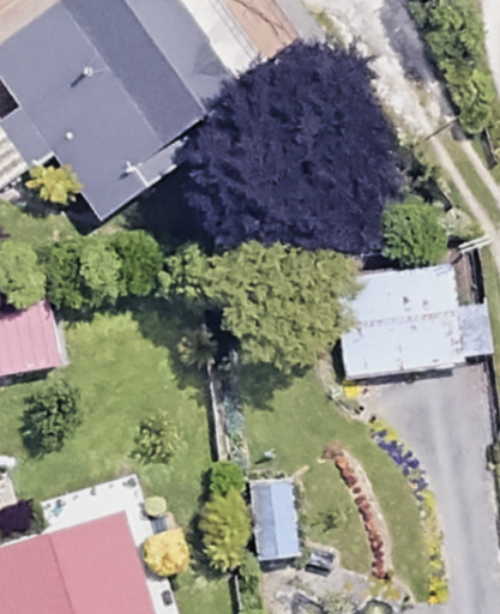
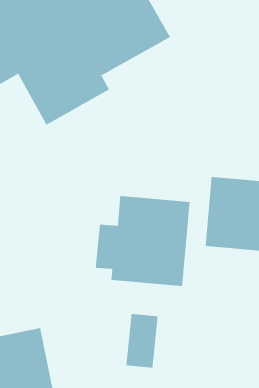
building: none -> [95,195,190,287]

